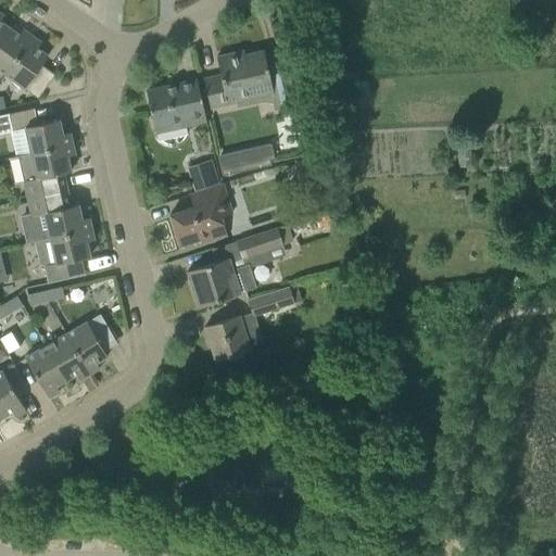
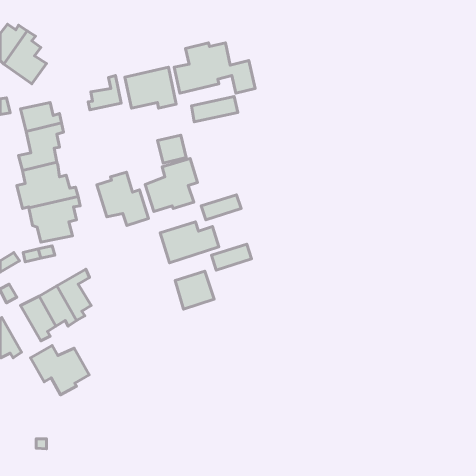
building: none -> [88,75,121,110]
building: [218,146,273,175] -> [191,97,238,122]
building: none -> [97,172,148,226]
building: none -> [31,346,89,395]

